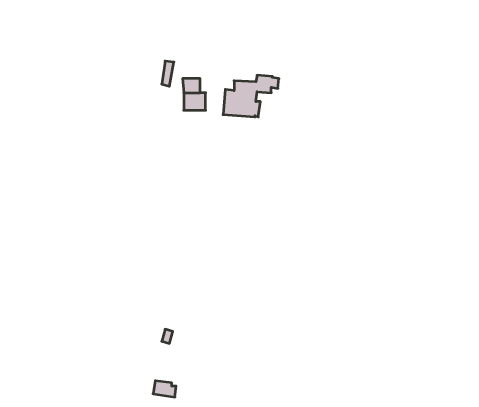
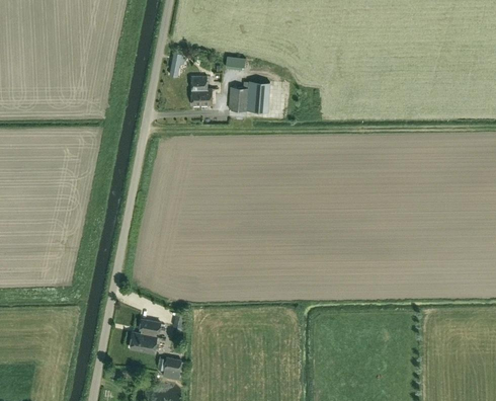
building: none -> [130,319,160,352]

